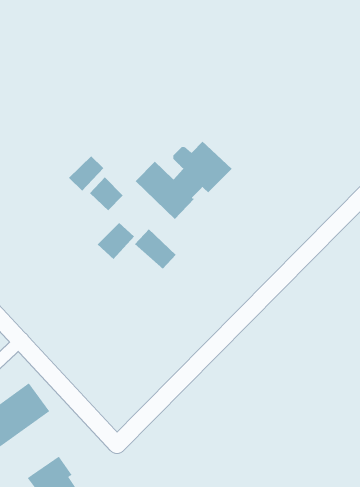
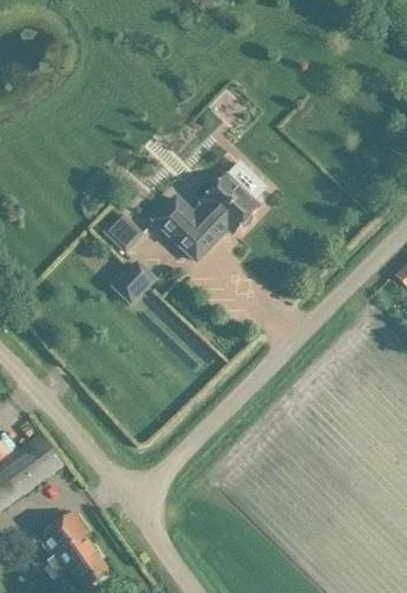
building: [68,155,104,192] -> none
building: [134,228,177,270] -> none

